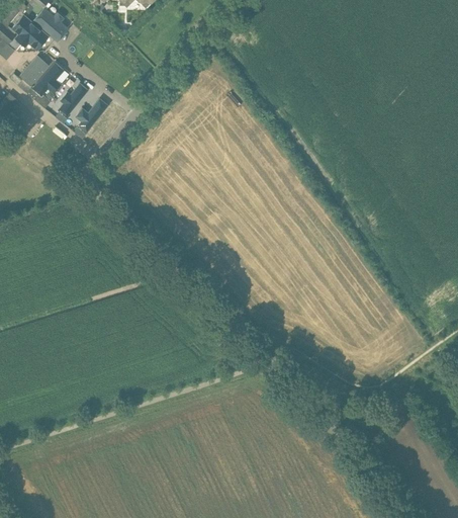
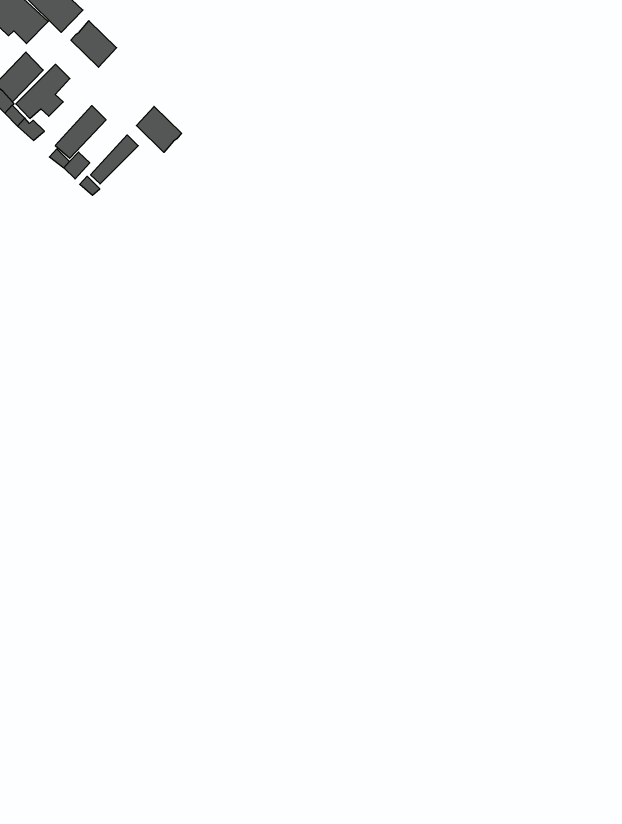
building: none -> [71,21,117,67]
building: none -> [136,106,182,152]

